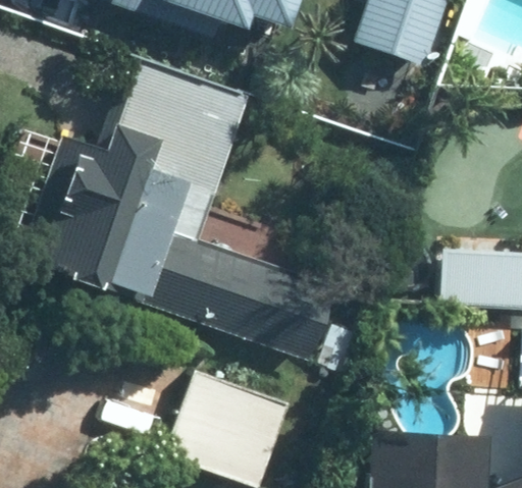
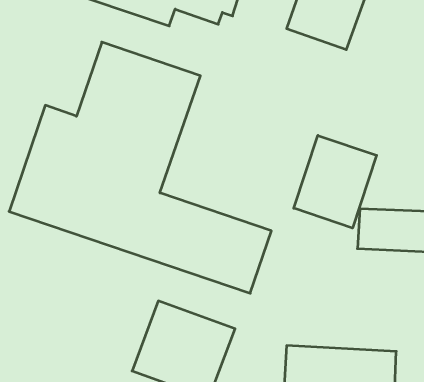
building: none -> [294,135,377,228]

